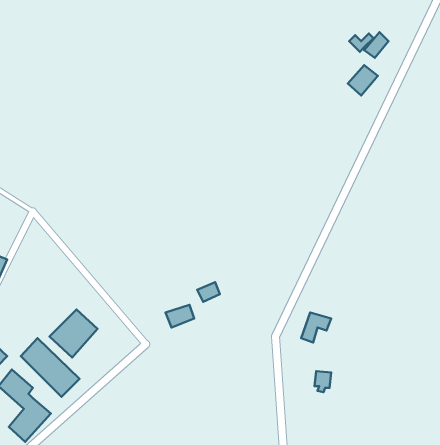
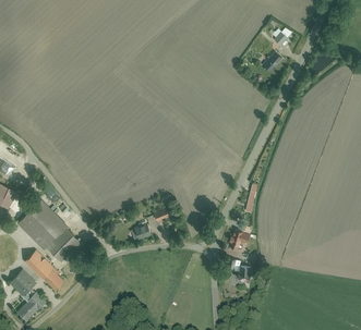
building: none -> [15,197,67,248]

